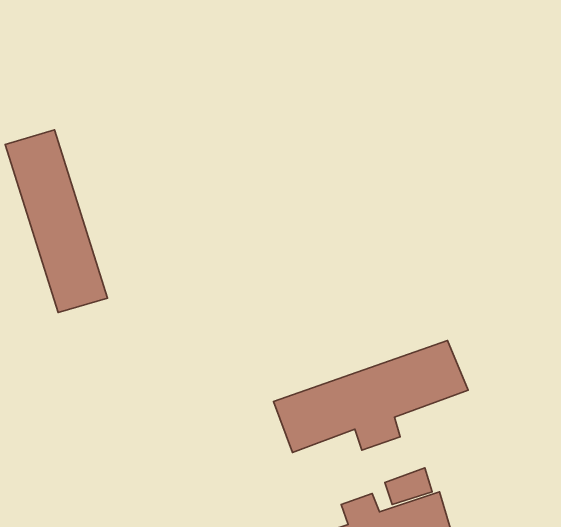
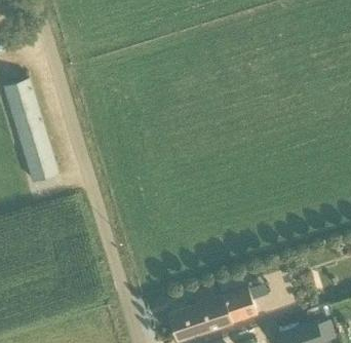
building: [274,341,468,453] -> none

